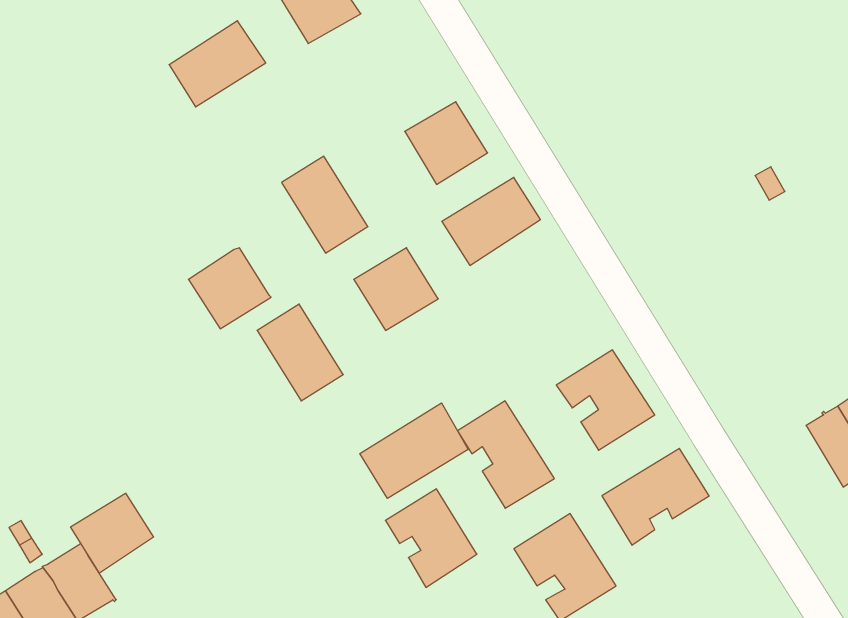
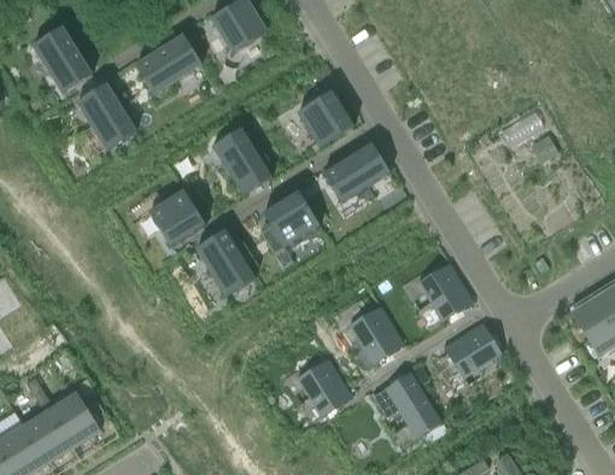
building: none -> [33,27,93,93]
building: none -> [77,83,136,149]
building: [360,403,468,498] -> none
building: [71,493,154,573] -> none

